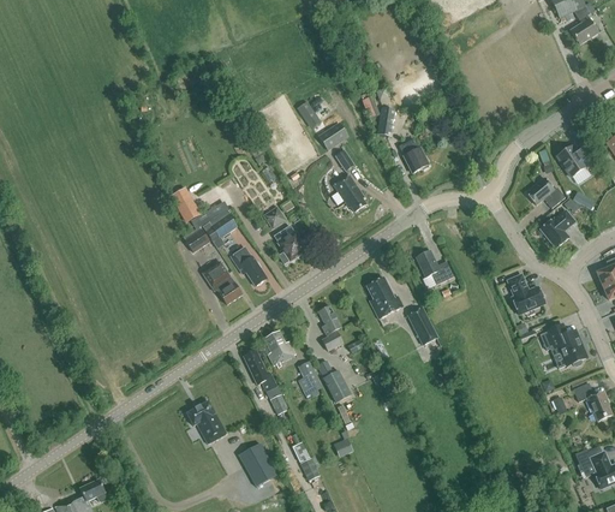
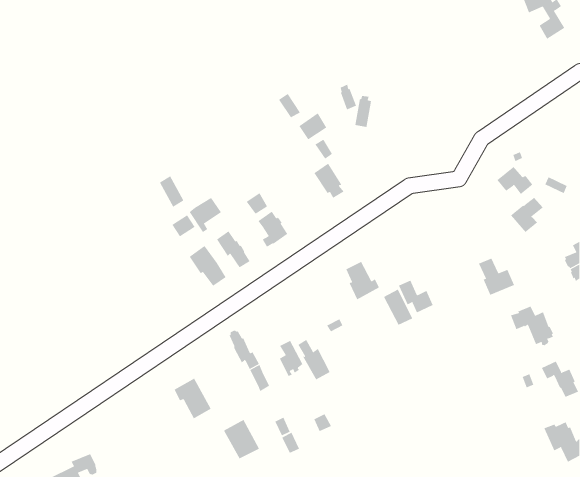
building: [398,138,428,173] -> none
building: [556,145,595,177] -> none
building: [416,250,453,285] -> [398,280,434,313]
building: [317,305,342,351] -> none
building: [264,331,295,364] -> none

